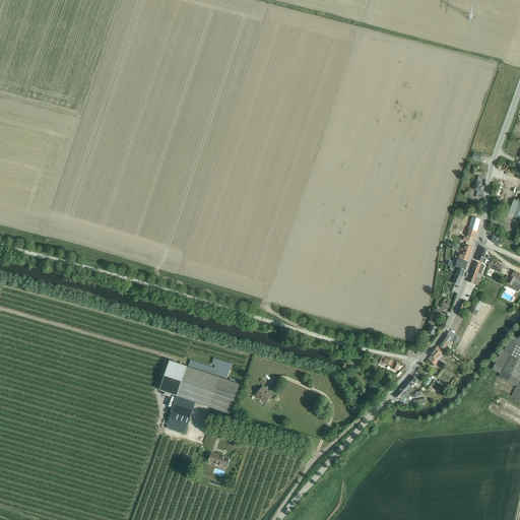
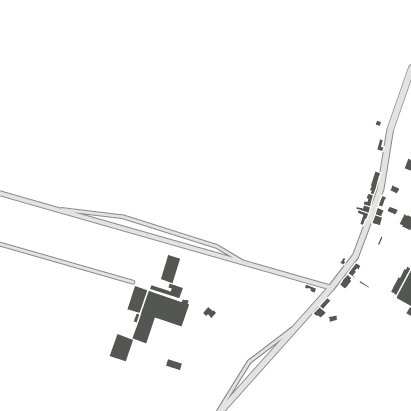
building: none -> [160,254,181,284]
building: none -> [109,333,134,362]

